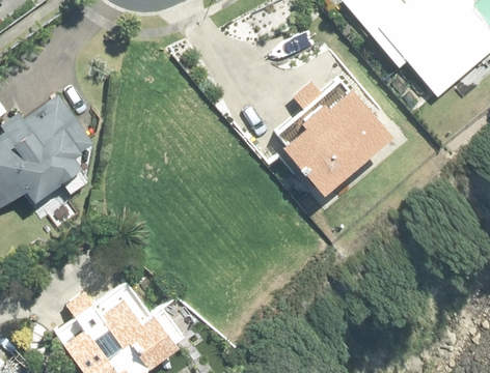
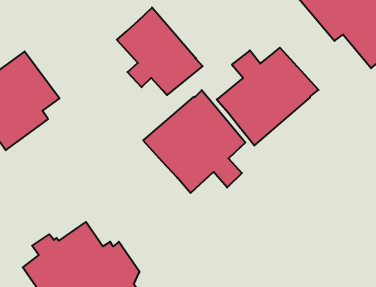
building: none -> [117,7,203,95]
building: none -> [143,90,245,193]

